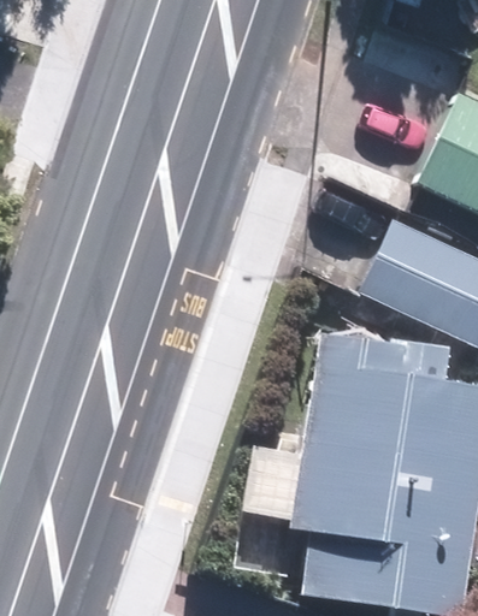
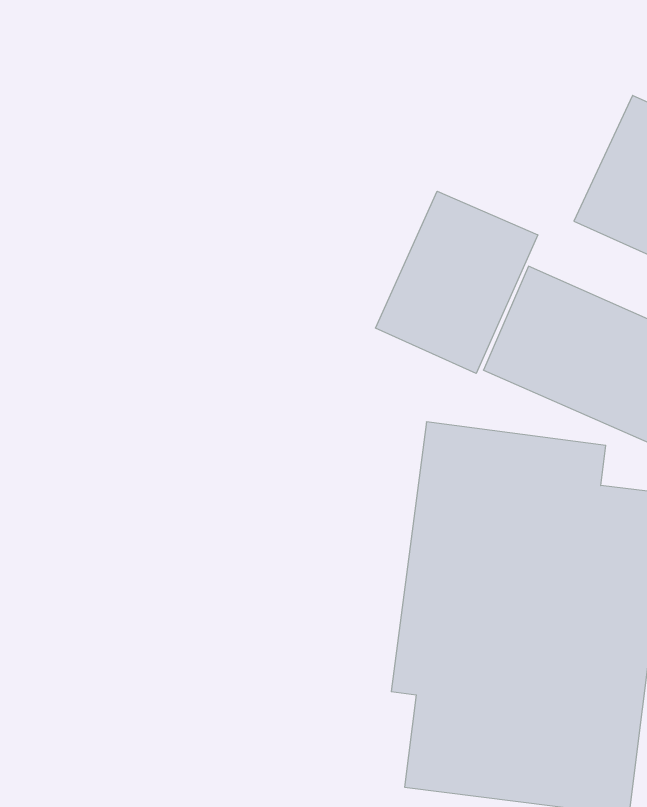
building: none -> [375,191,538,373]

